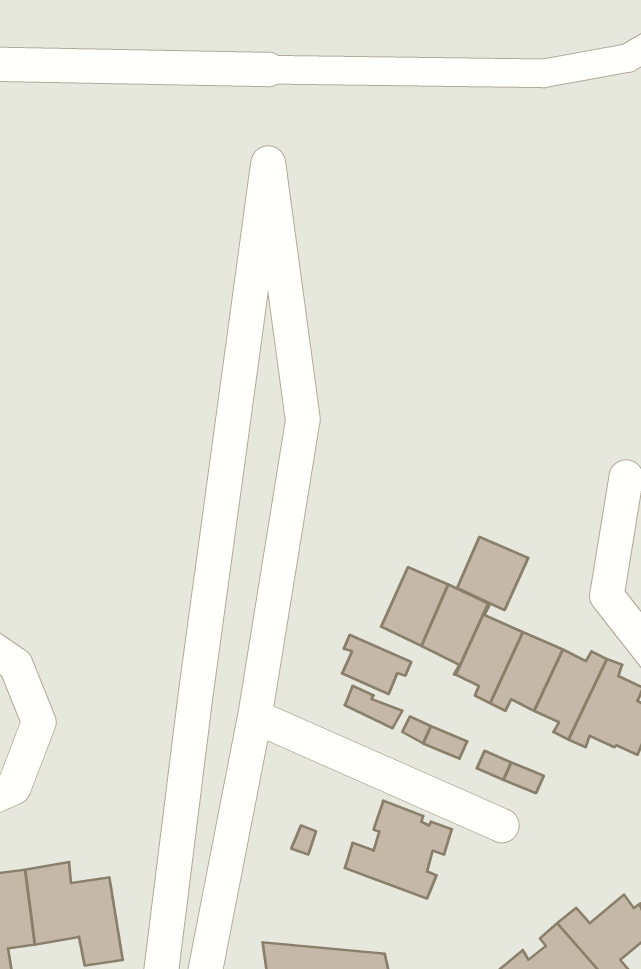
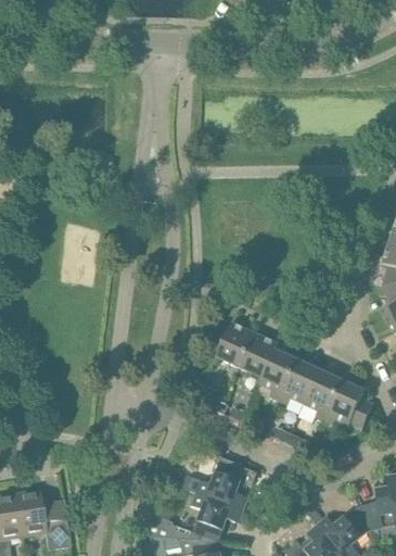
building: [457,537,528,610] -> none
building: [342,635,411,694] -> none
building: none -> [145,493,243,542]

